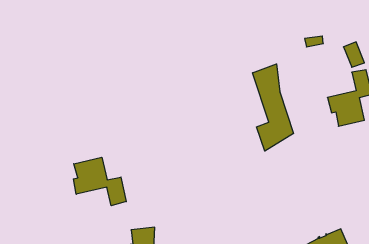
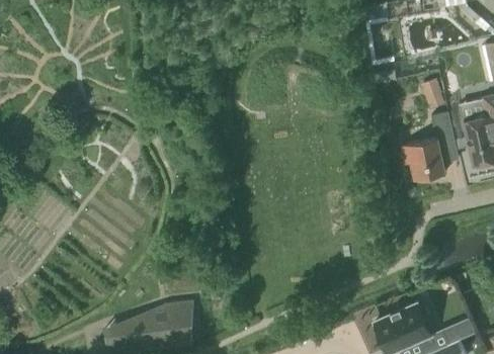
building: [253,64,293,151] -> none
building: [73,157,126,206] -> none

